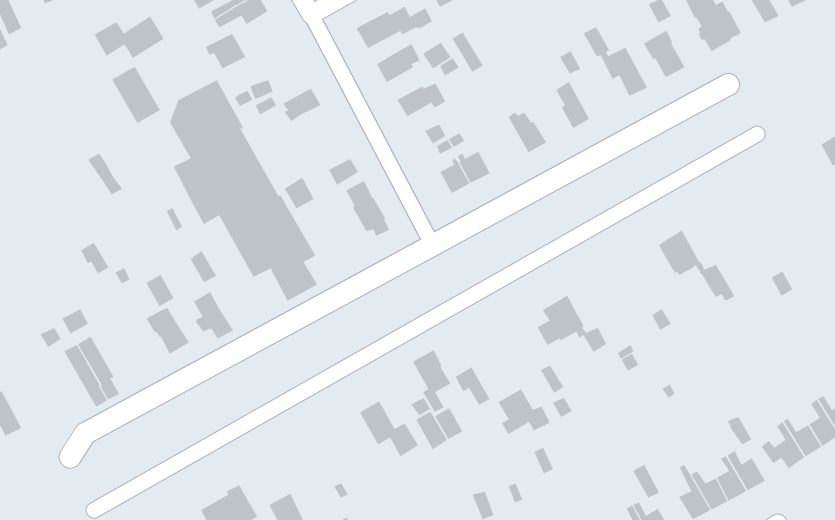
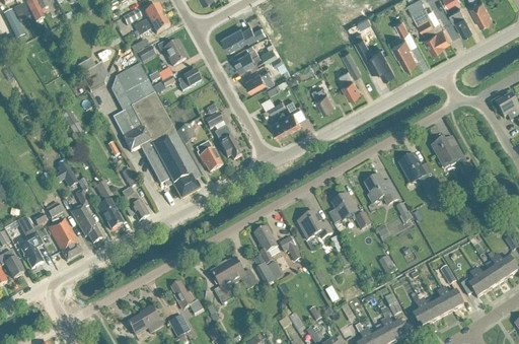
building: [94,16,164,59] -> none
building: none -> [157,38,186,65]
building: none -> [431,138,472,176]
building: none -> [197,140,221,170]
building: none -> [365,175,399,204]
building: none -> [71,189,101,242]
building: none -> [17,215,43,267]
building: [498,389,551,435] -> [301,211,332,238]
building: none -> [211,263,234,303]
building: none -> [171,281,204,314]

